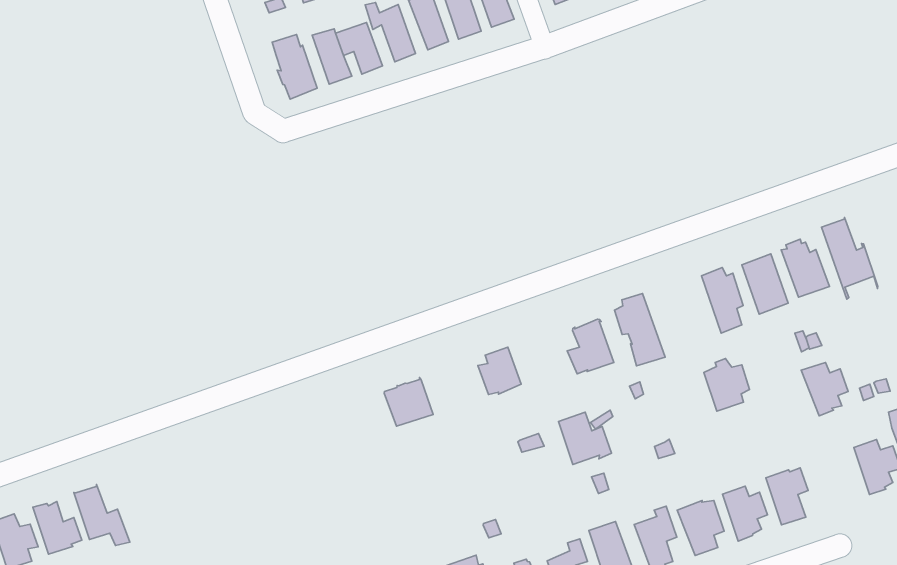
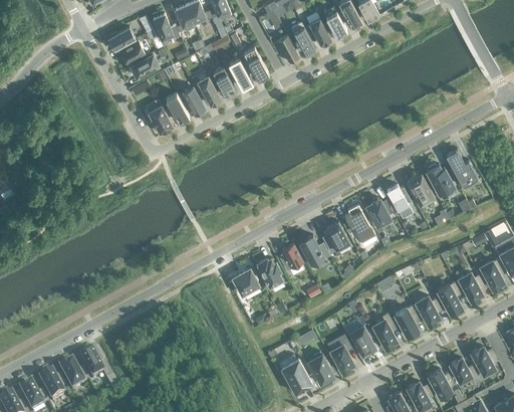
building: [704,358,750,411] -> [366,198,392,226]
building: [801,363,848,416] -> [458,273,484,301]
building: none -> [257,258,281,288]
building: [558,412,611,464] -> [299,236,329,264]

